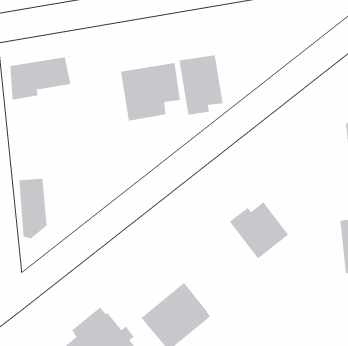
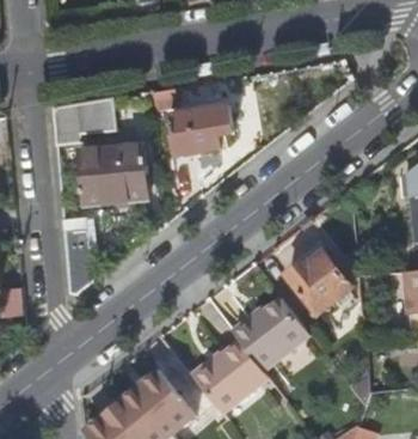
building: [179,55,224,116] -> none
building: none -> [80,142,146,205]
building: none -> [230,297,307,368]

